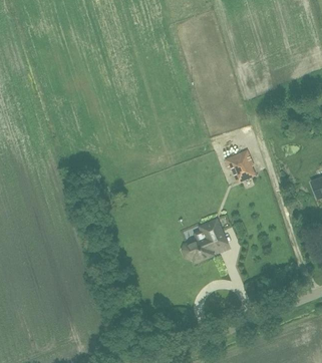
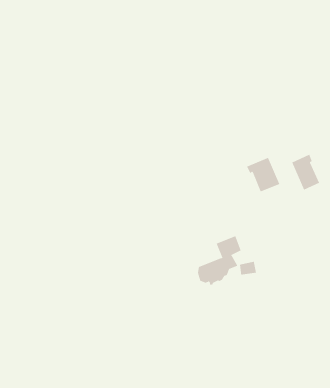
building: none -> [292,154,320,190]

